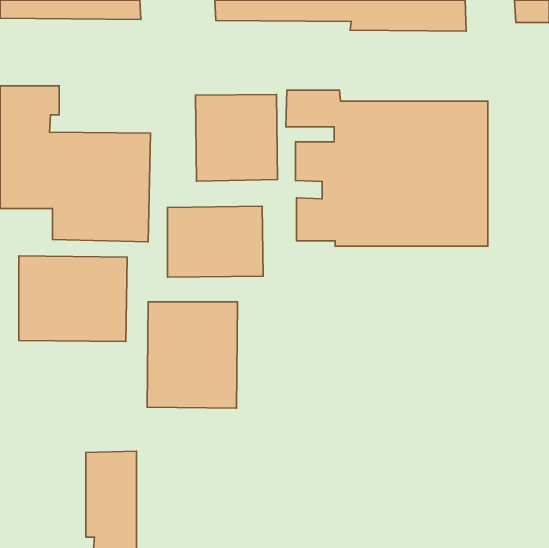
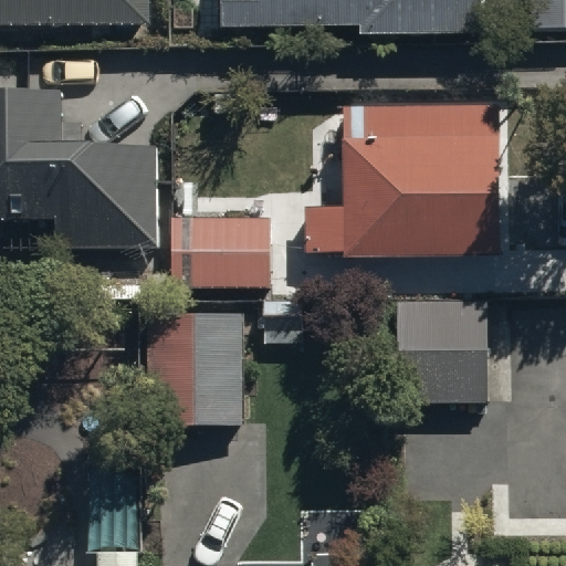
building: [195,94,278,181] -> none
building: [19,256,127,342] -> none
building: none -> [397,301,489,403]

